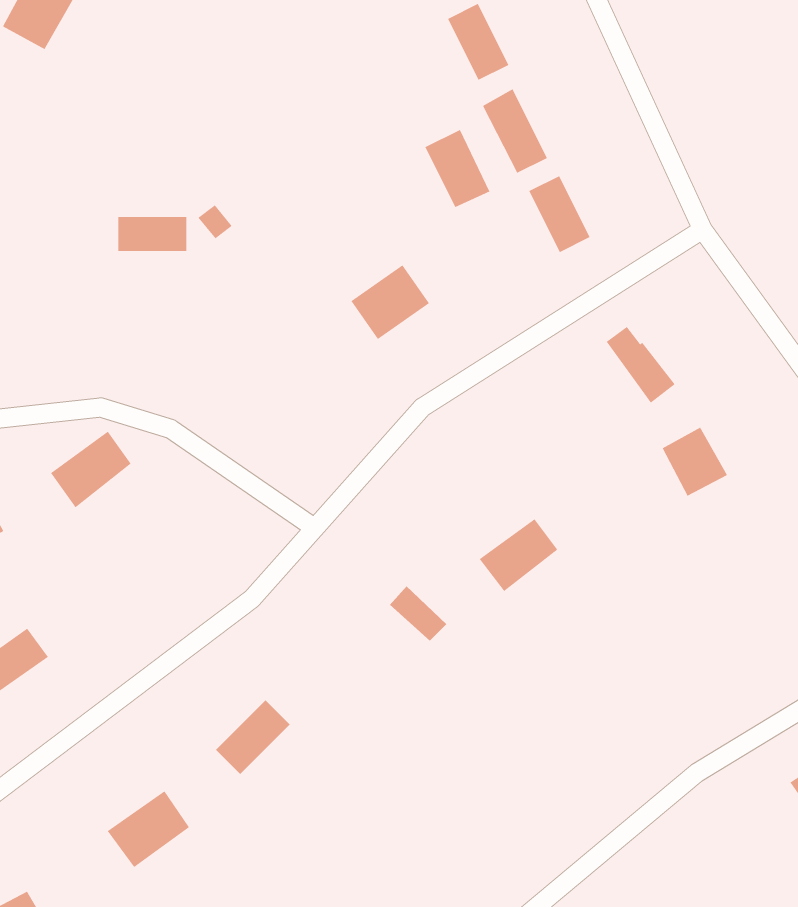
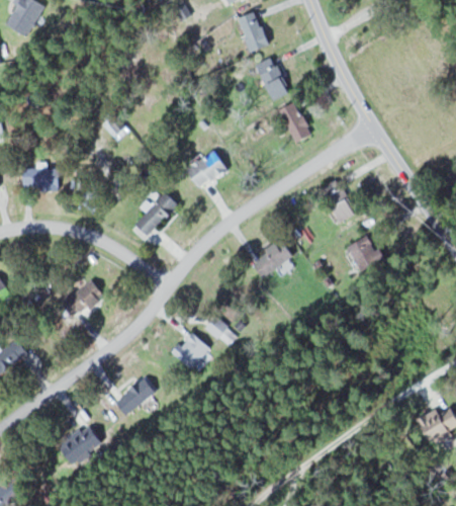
building: [424,129,490,208] -> none
building: [118,217,187,251] -> [22,168,59,186]
building: none -> [134,191,178,235]
building: [50,431,131,508] -> [62,279,104,320]
building: [479,518,558,592] -> [251,239,292,277]
building: none -> [173,332,210,369]

